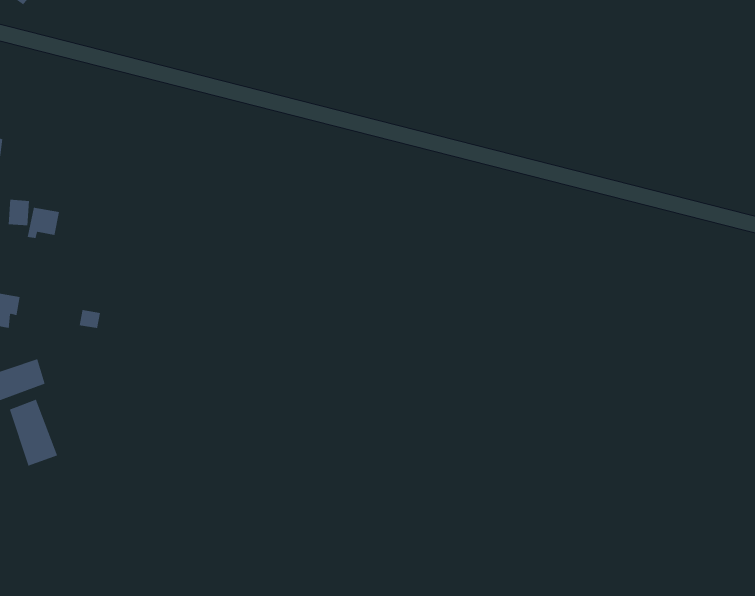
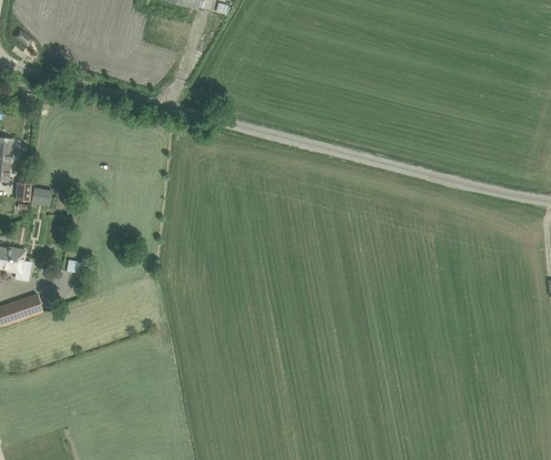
building: [9,399,58,466] -> none

